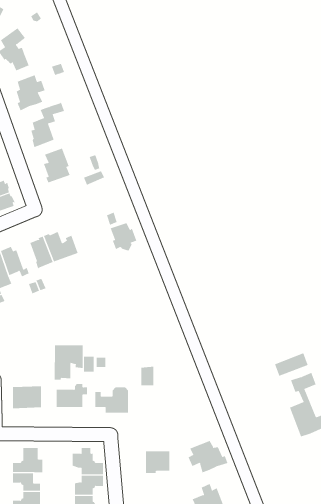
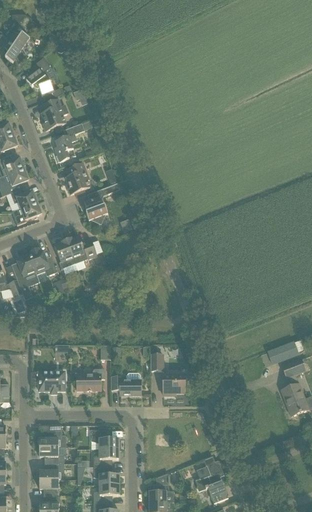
building: [110,222,137,251] -> [83,197,107,222]
building: [54,344,83,380] -> none
building: [188,440,228,473] -> none
building: [145,451,170,474] -> [162,375,184,395]

